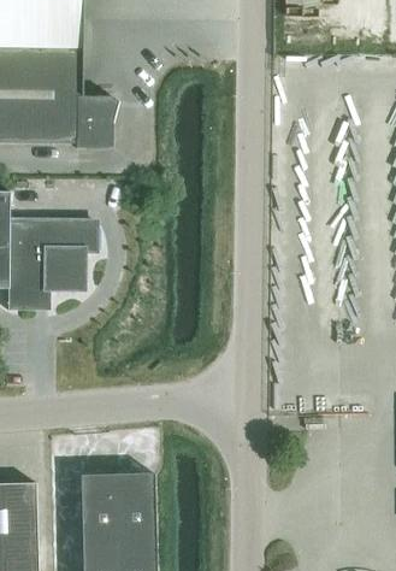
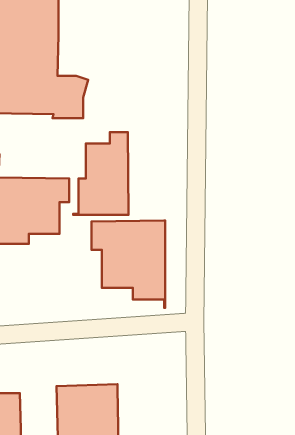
building: none -> [73,132,128,215]
building: none -> [92,220,165,308]

